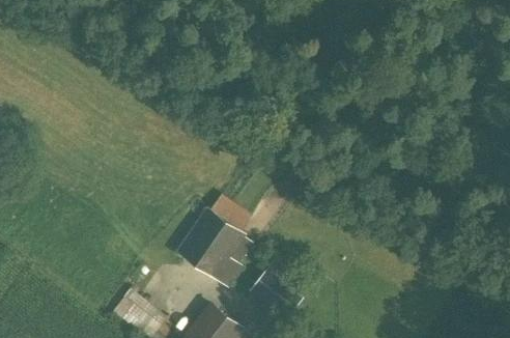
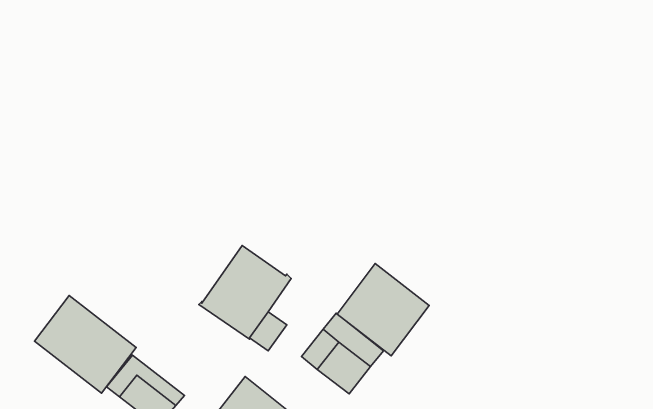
building: [209,194,252,232] -> none
building: none -> [337,264,429,356]
building: none -> [35,296,136,393]

